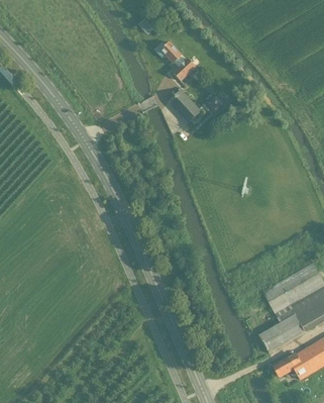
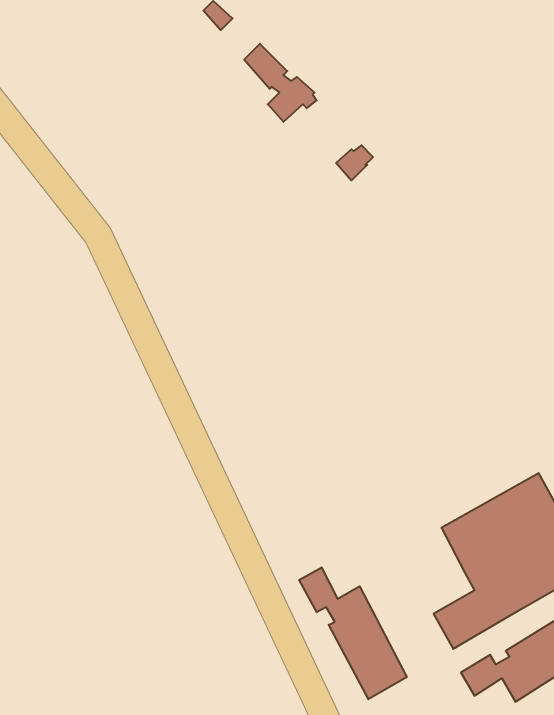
building: [167,89,200,122] -> none
building: none -> [299,567,407,699]

